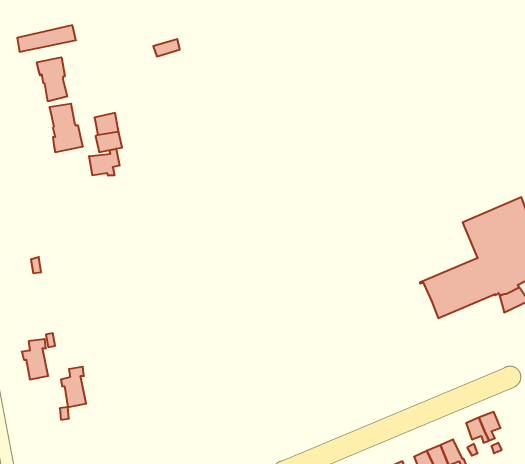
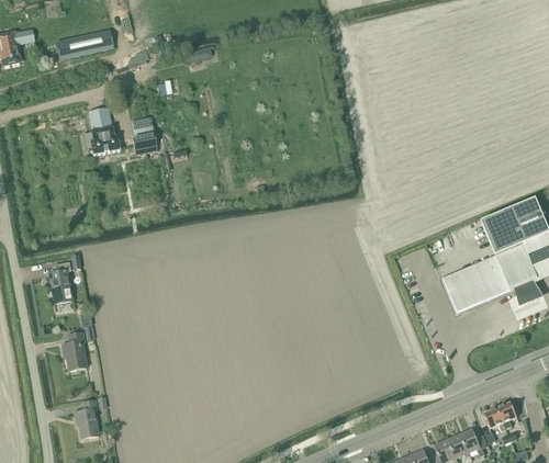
building: [37,57,67,101] -> none
building: [89,149,120,176] -> none
building: none -> [49,261,72,301]
building: [61,367,86,407] -> [75,399,99,438]

